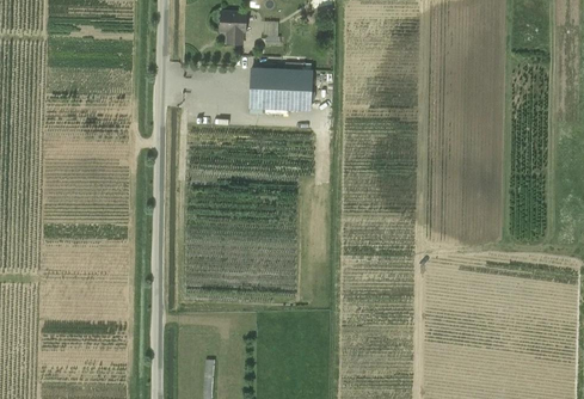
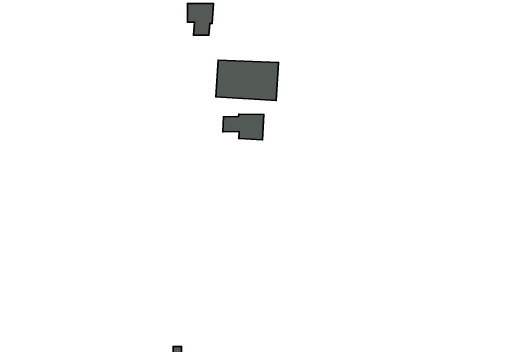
building: none -> [223,114,264,140]

